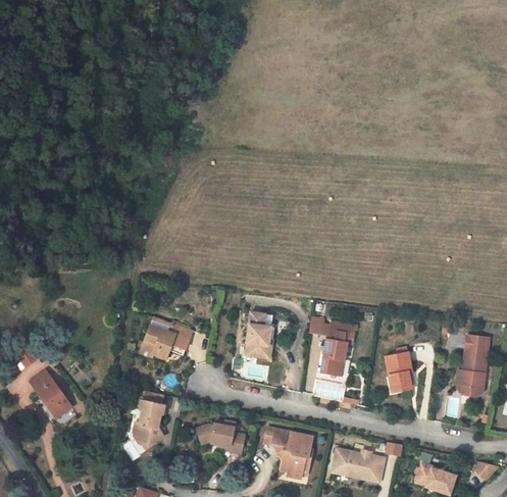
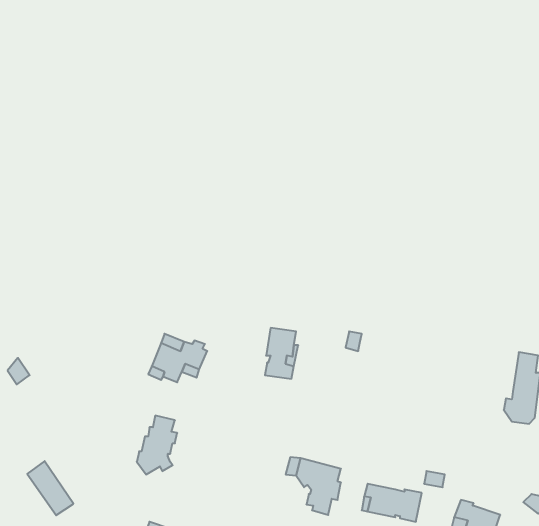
building: [324,320,362,376] -> none
building: [388,351,414,392] -> none
building: [28,367,68,415] -> [27,461,73,515]
building: [197,419,243,452] -> none

